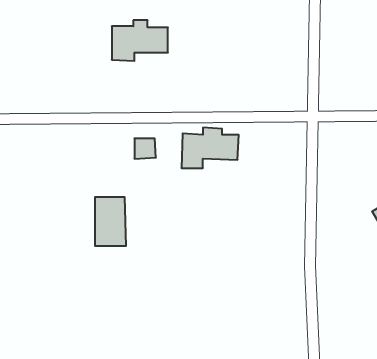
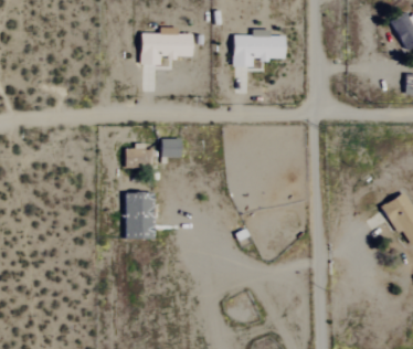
building: [181,128,239,168] -> [233,30,286,67]
building: none -> [126,146,146,168]

